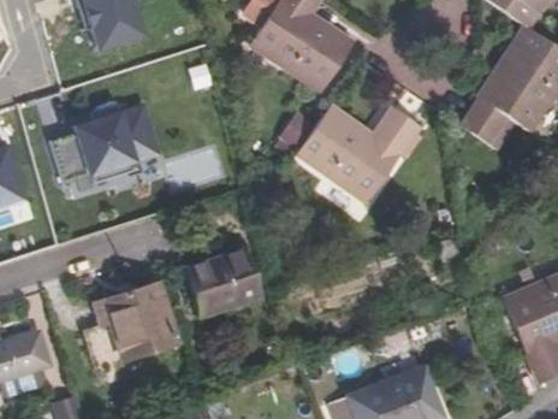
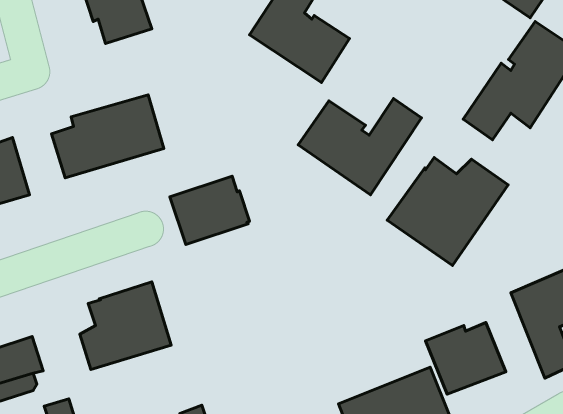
building: none -> [387,158,508,265]
building: [177,254,255,321] -> [170,176,249,244]
building: none -> [426,322,506,394]

